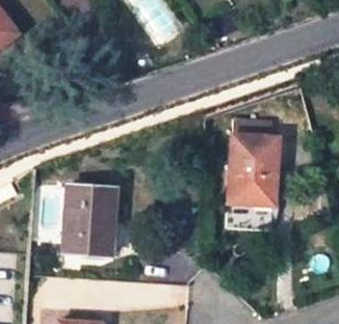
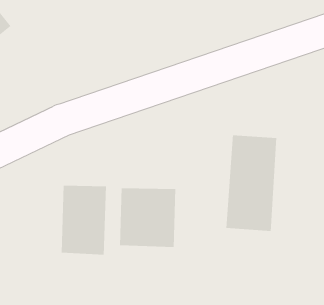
building: none -> [119,188,176,248]

